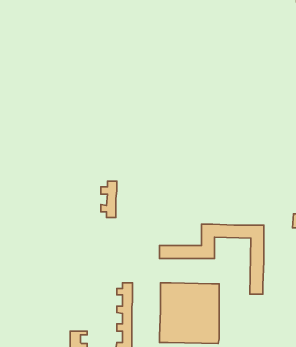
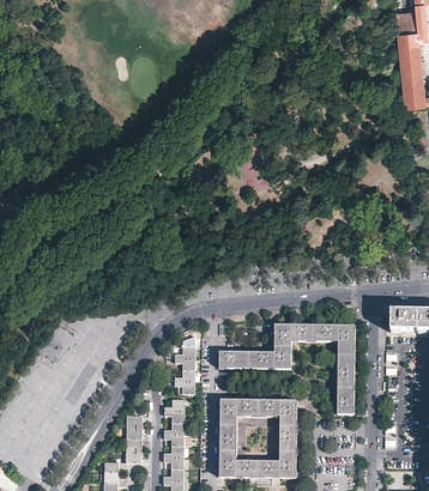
building: [101,181,117,217] -> [175,346,195,393]
building: none -> [126,416,147,462]

